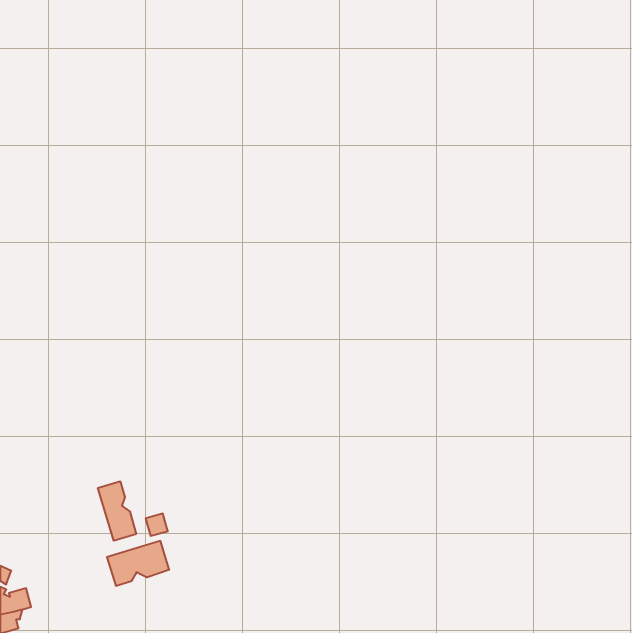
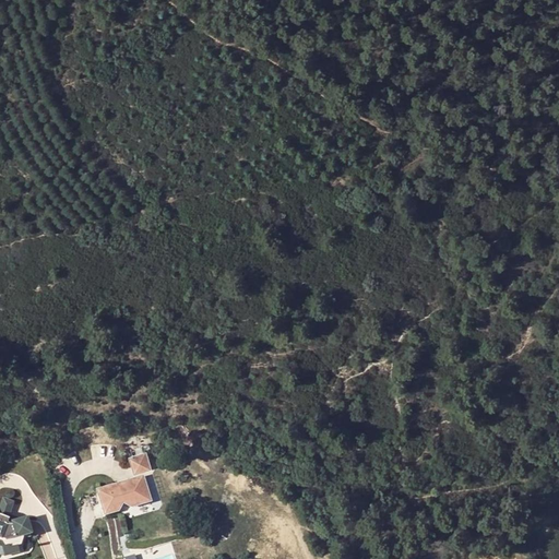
building: [98,481,136,541] -> none

